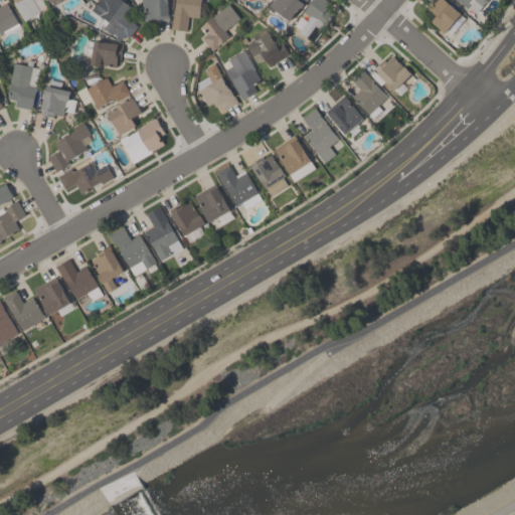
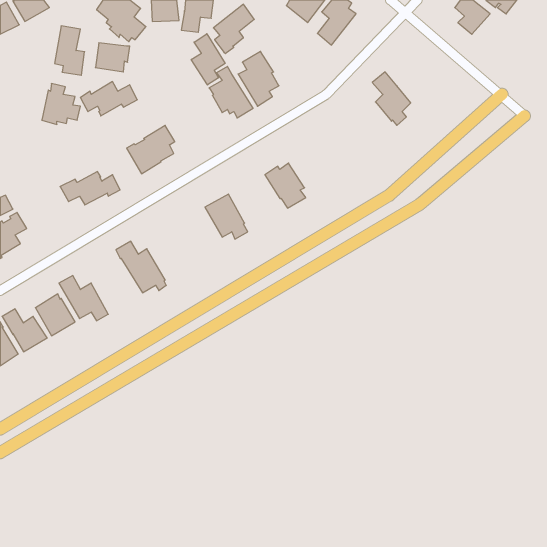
building: none -> [191,34,225,85]
building: [248,33,290,66] -> none
building: [374,55,411,96] -> none
building: [8,63,36,110] -> [55,26,85,75]
building: [325,96,364,135] -> none
building: [107,99,141,136] -> none
building: [302,108,338,163] -> none
building: [48,126,90,172] -> none
building: [273,135,315,182] -> none
building: [215,165,262,209] -> none
building: [169,202,205,242] -> none
building: [145,206,182,261] -> none
building: [91,246,124,293] -> none

